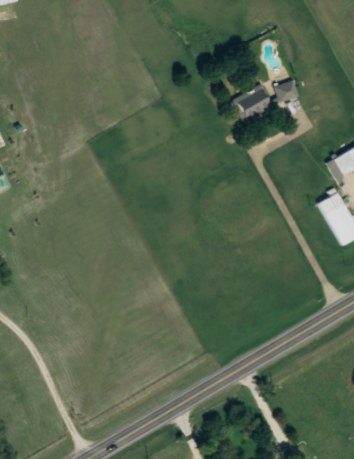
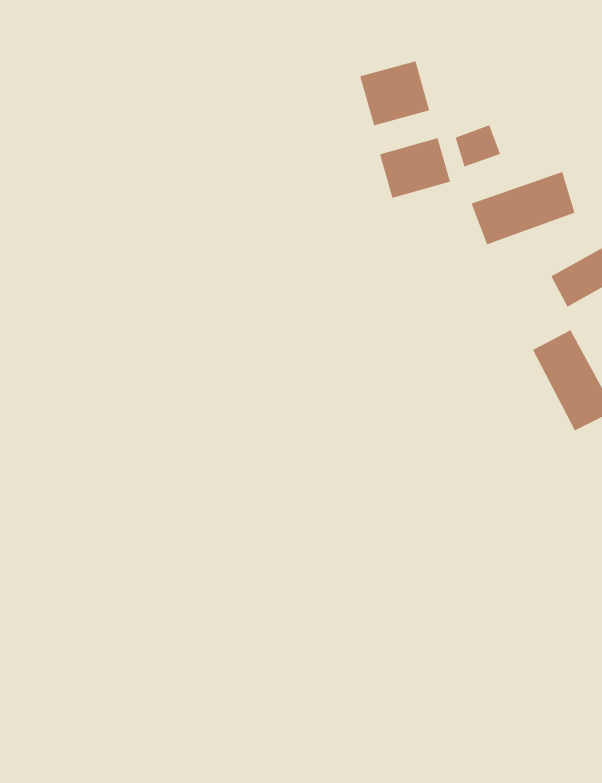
building: none -> [360,61,430,126]
building: none -> [471,171,575,245]

